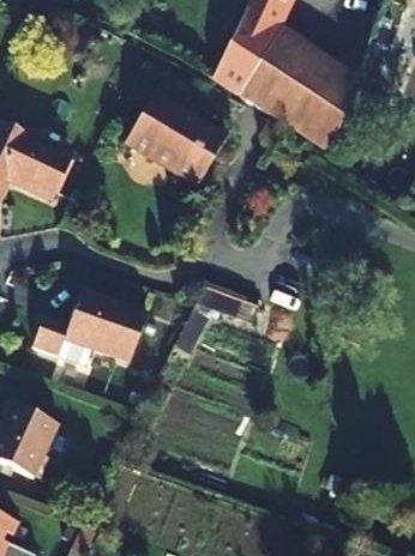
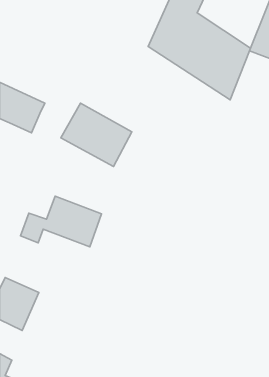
building: [124,95,224,185] -> [61,103,132,166]

